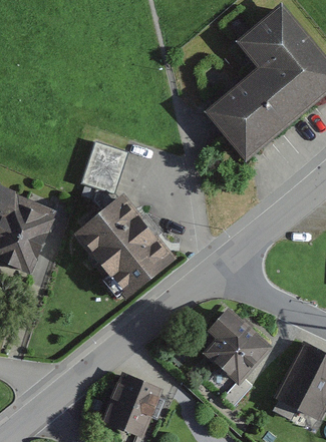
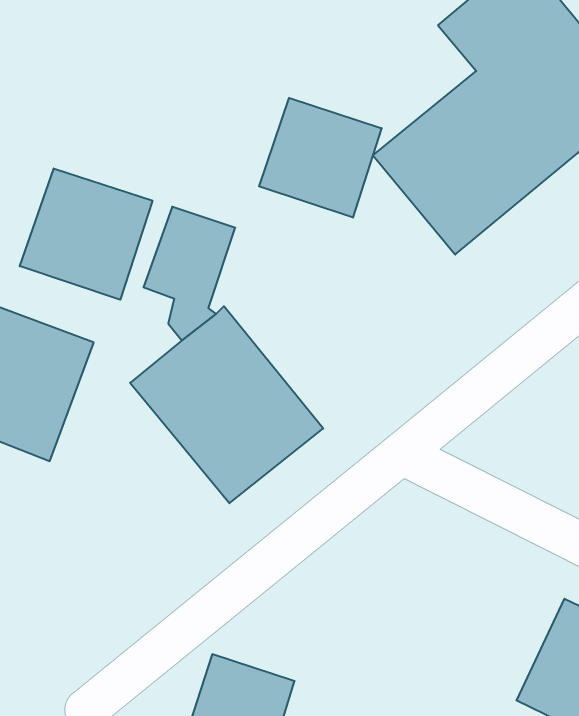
building: none -> [259,98,382,218]
building: none -> [20,168,152,300]
building: [204,305,278,389] -> none

